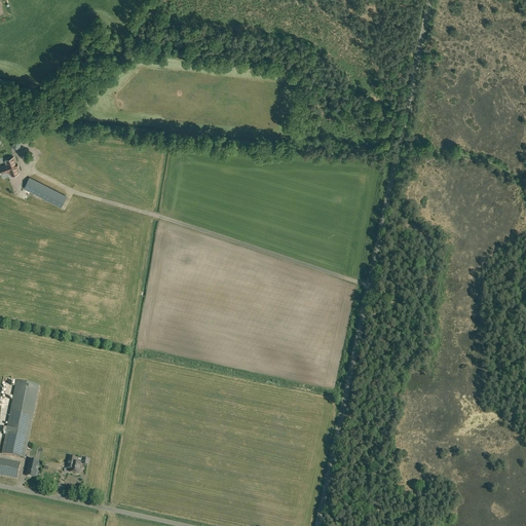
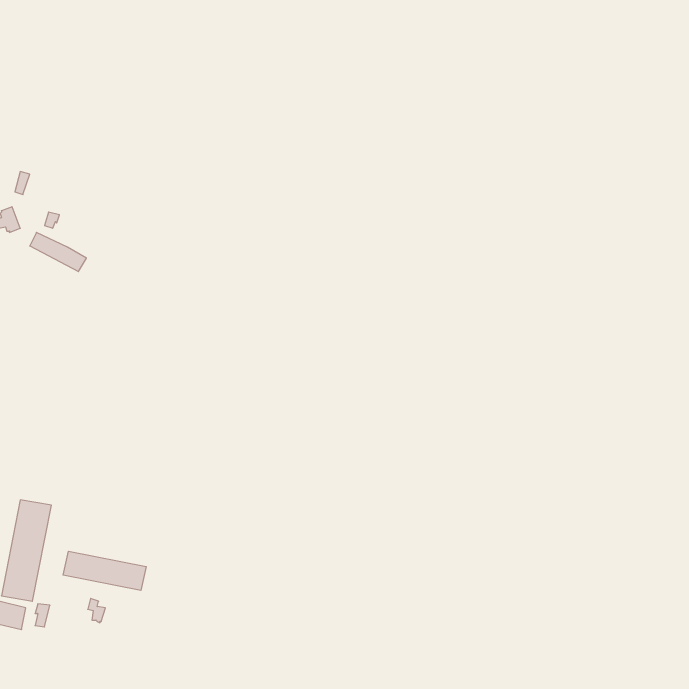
building: none -> [63,551,146,590]

